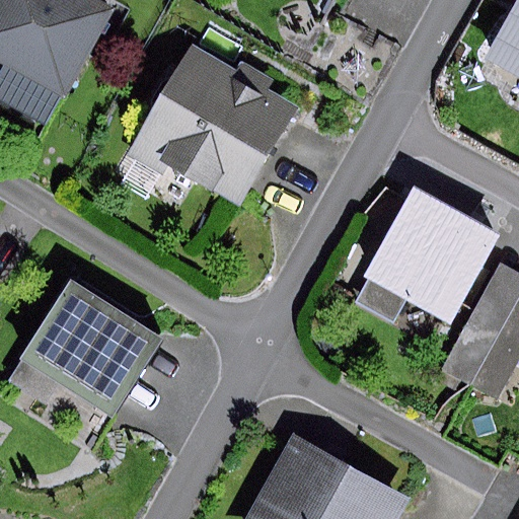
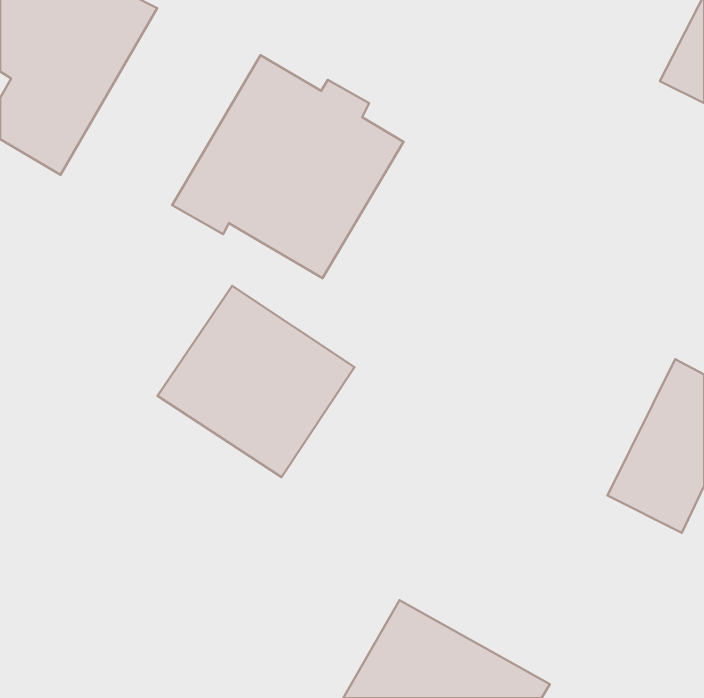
building: [361,189,502,329] -> none
building: [17,278,162,419] -> [158,286,355,477]

